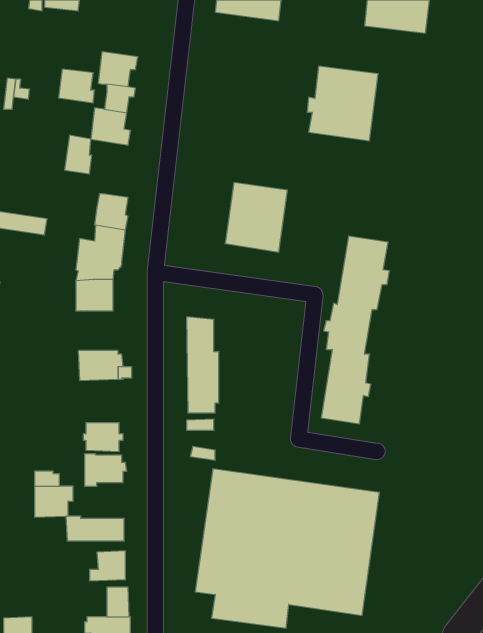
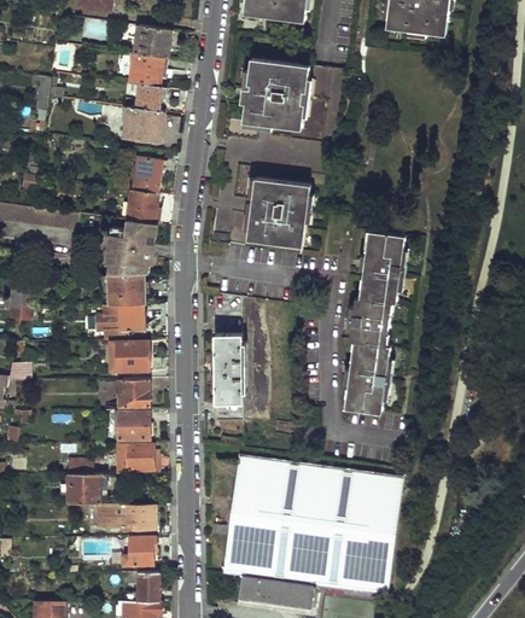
building: [307,66,378,141] -> [239,58,308,130]
building: [58,69,95,103] -> [133,25,168,58]
building: [65,135,92,174] -> [133,157,159,194]
building: none -> [92,304,142,340]
building: none -> [117,379,148,408]

